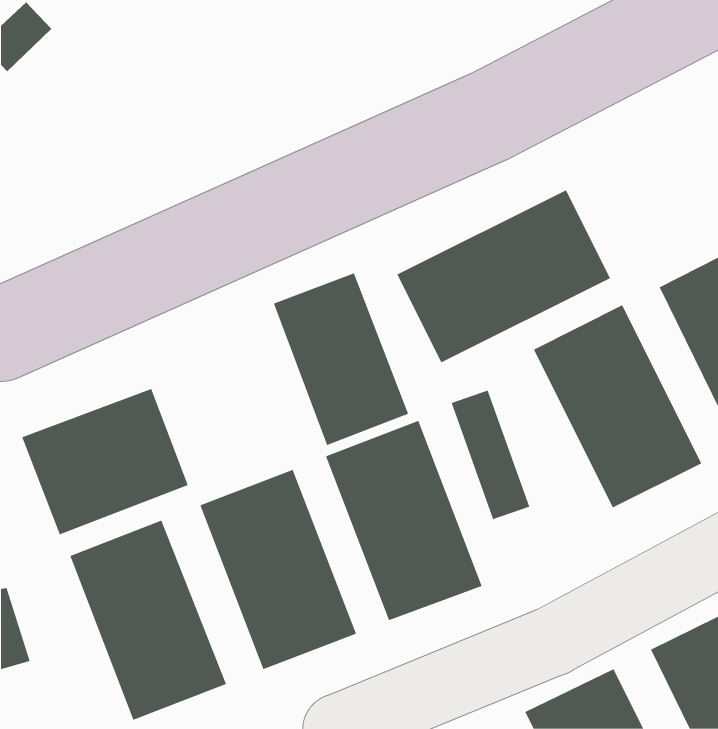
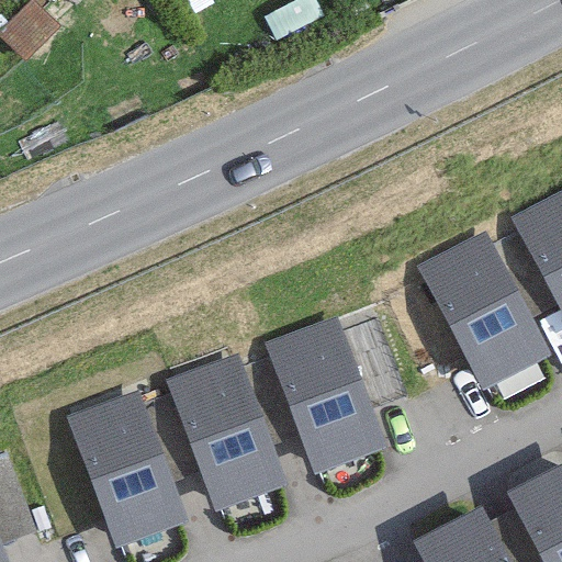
building: [397,189,611,363] -> none
building: [273,272,409,446] -> none
building: [21,388,189,535] -> none

